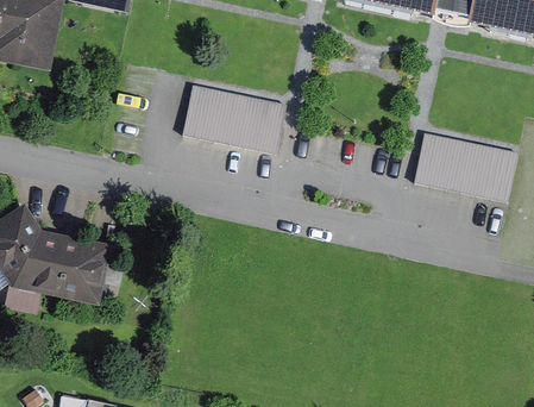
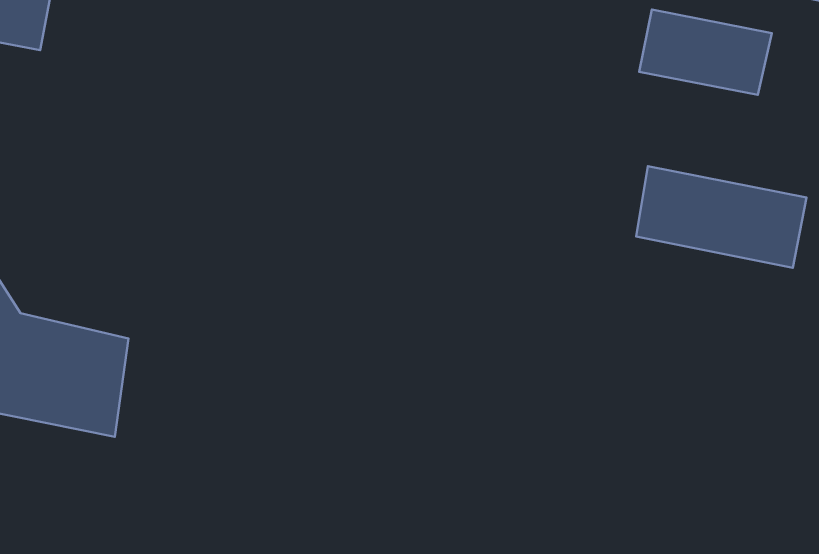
building: none -> [639,9,772,95]
building: [177,88,281,149] -> none

